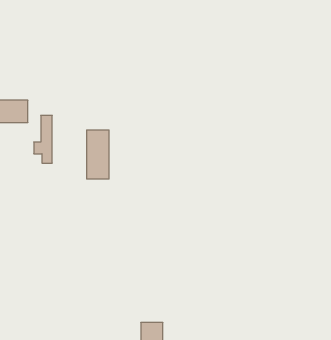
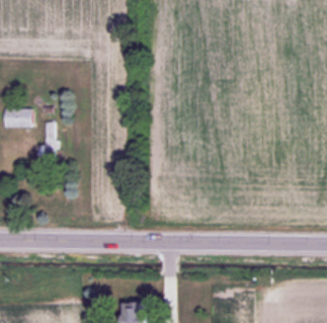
building: [87,130,109,179] -> none

